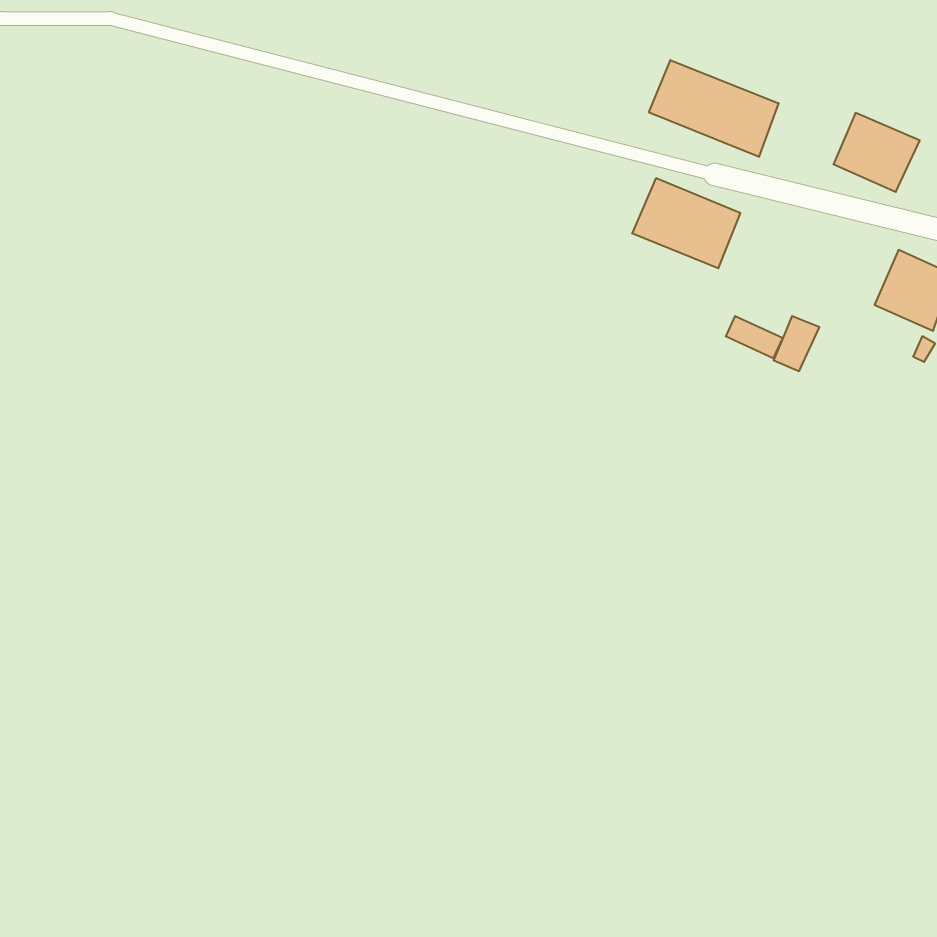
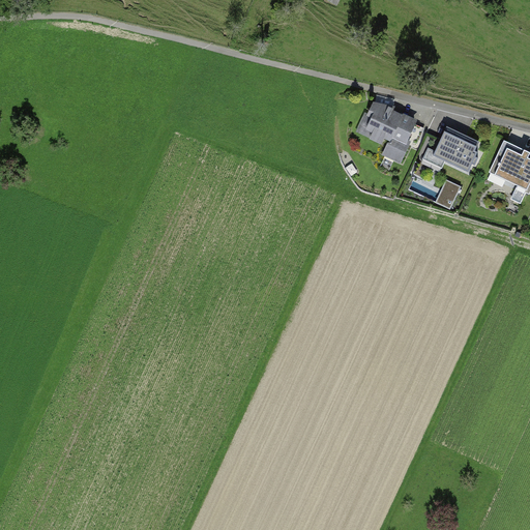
building: [649,60,779,157] -> none
building: [833,113,920,192] -> [433,128,481,173]

